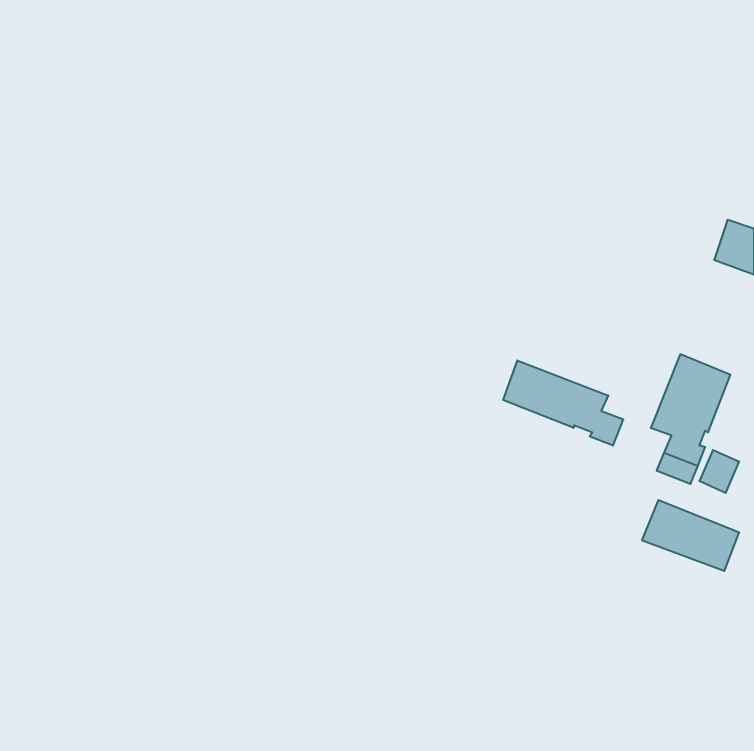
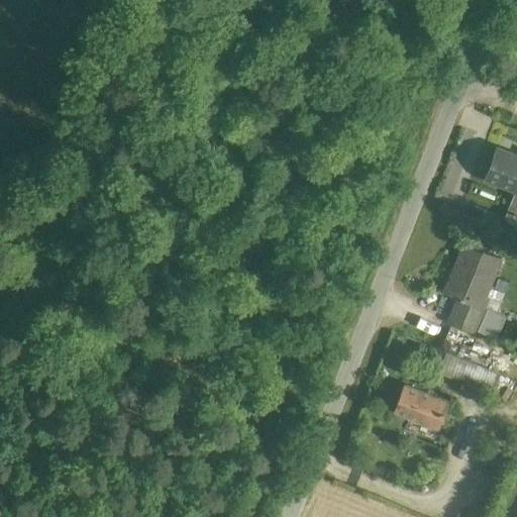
building: [503,360,623,446] -> none
building: none -> [397,388,448,429]

